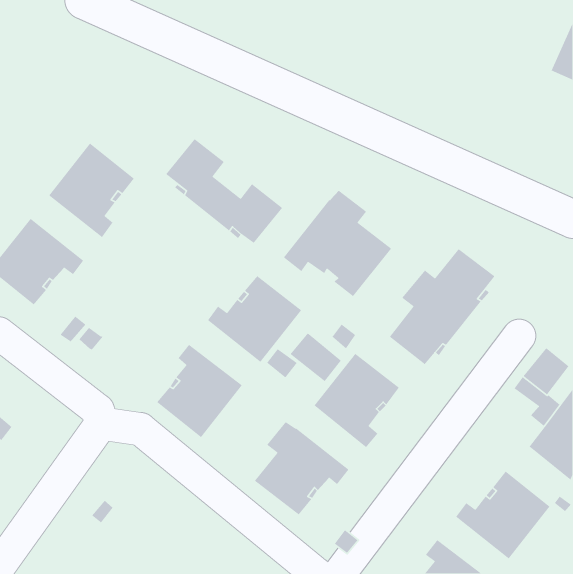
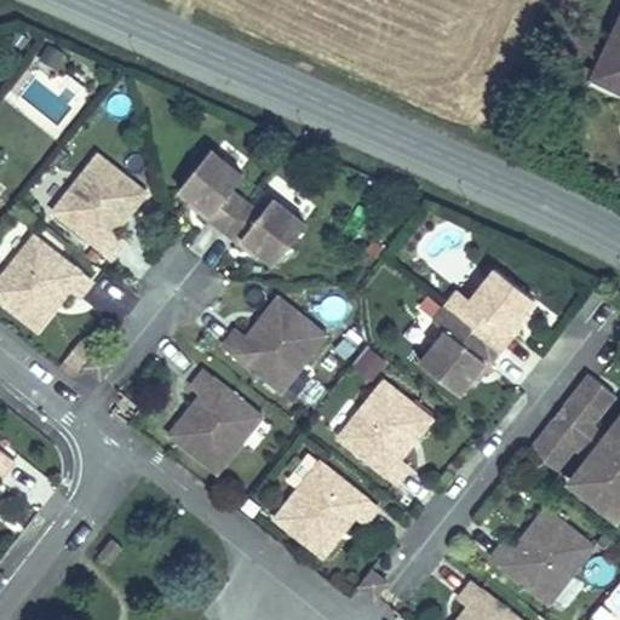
building: [283,190,392,297] -> none
building: [289,333,342,382] -> none
building: none -> [529,419,580,470]

